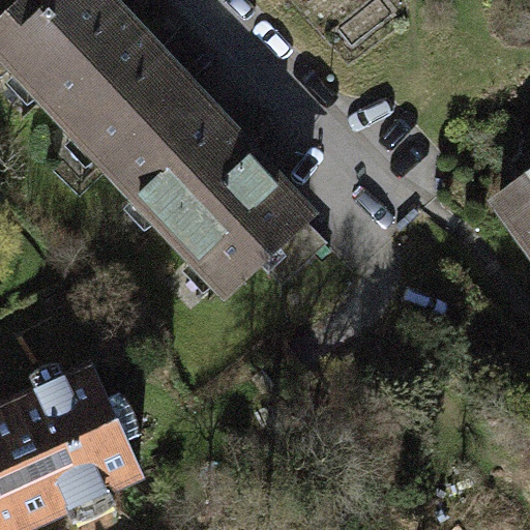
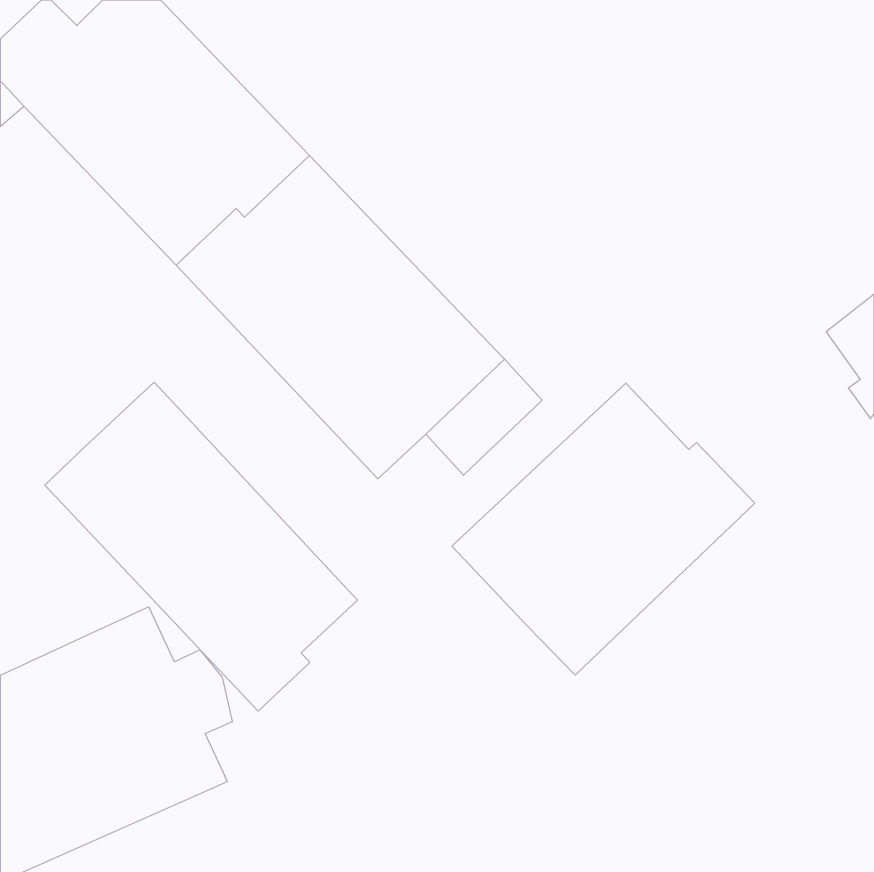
building: none -> [45,382,357,711]
building: none -> [452,383,755,675]

